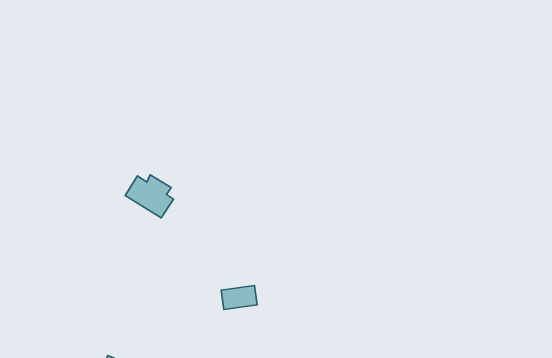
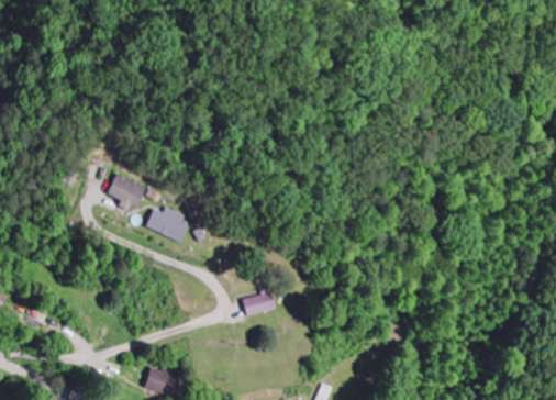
building: none -> [110,173,148,212]

